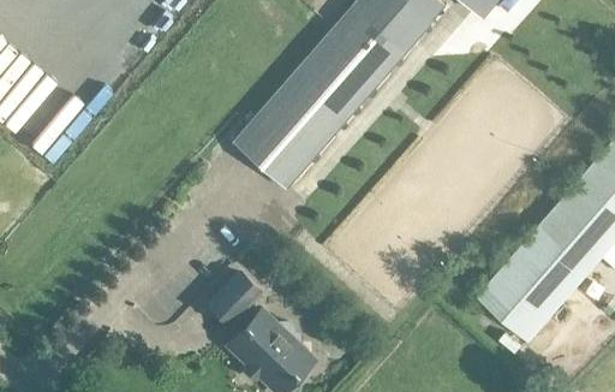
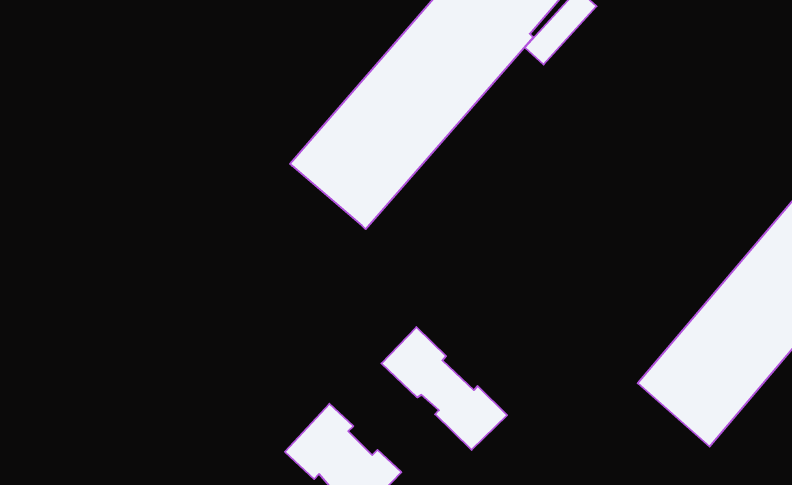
building: none -> [381,327,507,450]
building: [208,273,258,325] -> none

